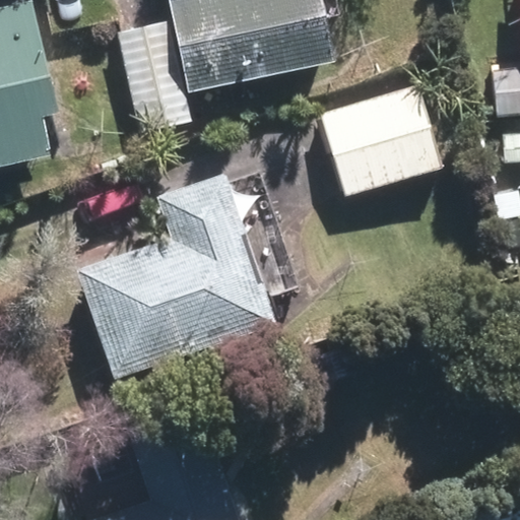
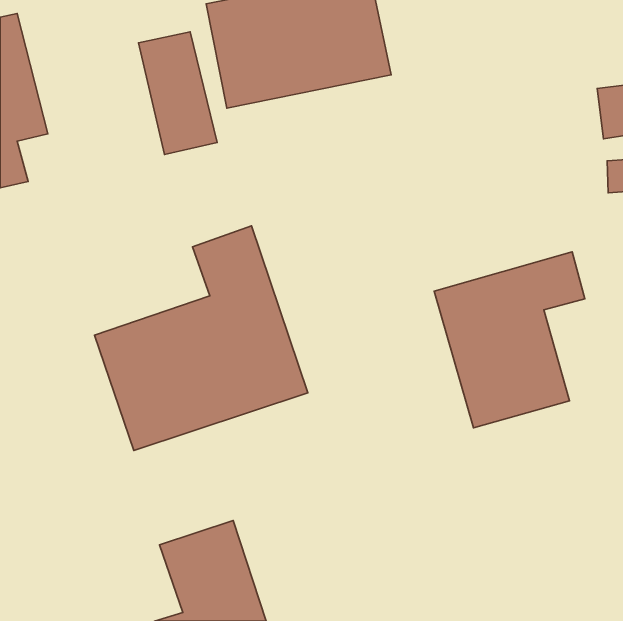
building: [325,88,440,192] -> none
building: none -> [434,252,585,428]

